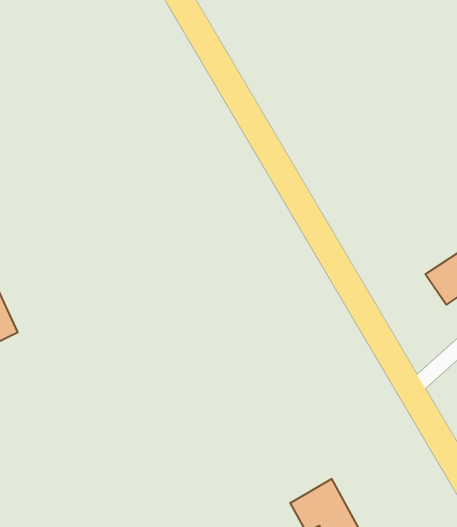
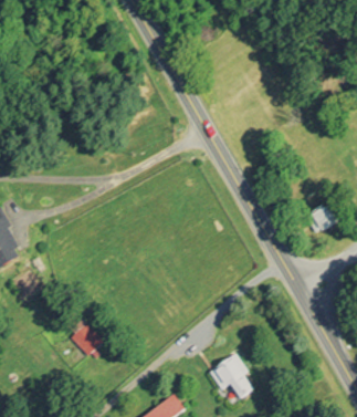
building: none -> [70,321,105,356]

